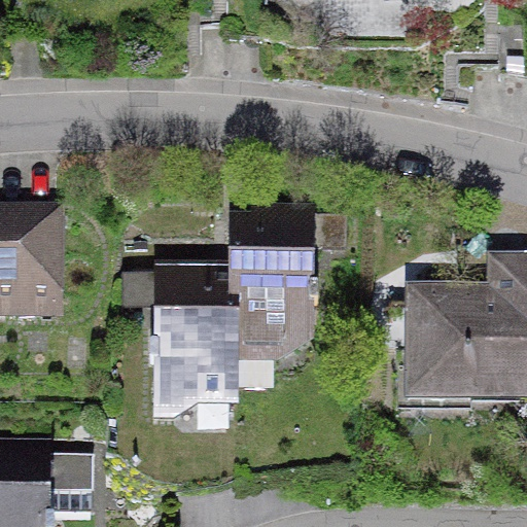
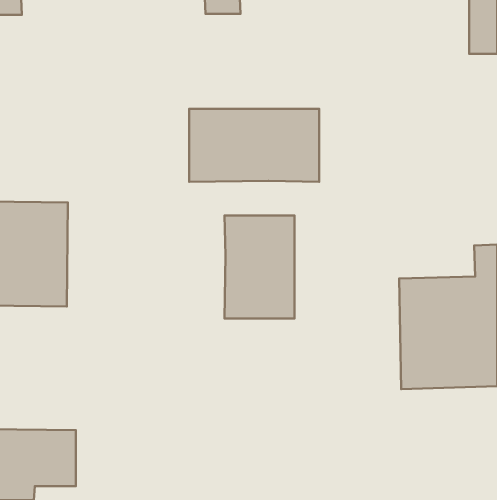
building: none -> [189,109,319,182]
building: [160,262,233,418] -> none

